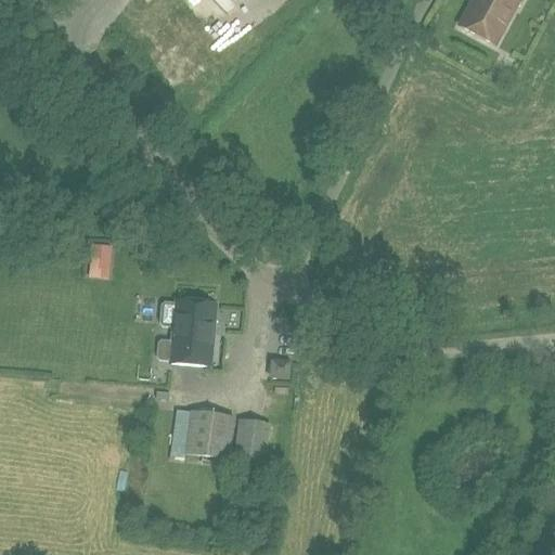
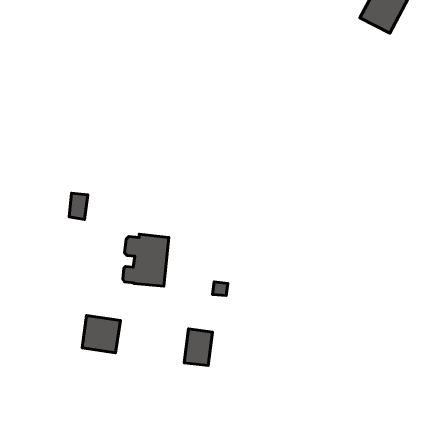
building: [186,409,235,456] -> [82,315,120,353]

